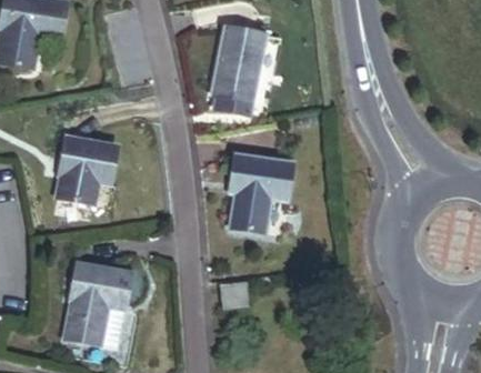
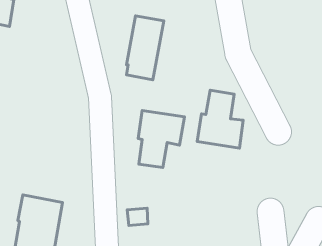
building: none -> [197,90,243,148]
building: [57,138,114,204] -> none

